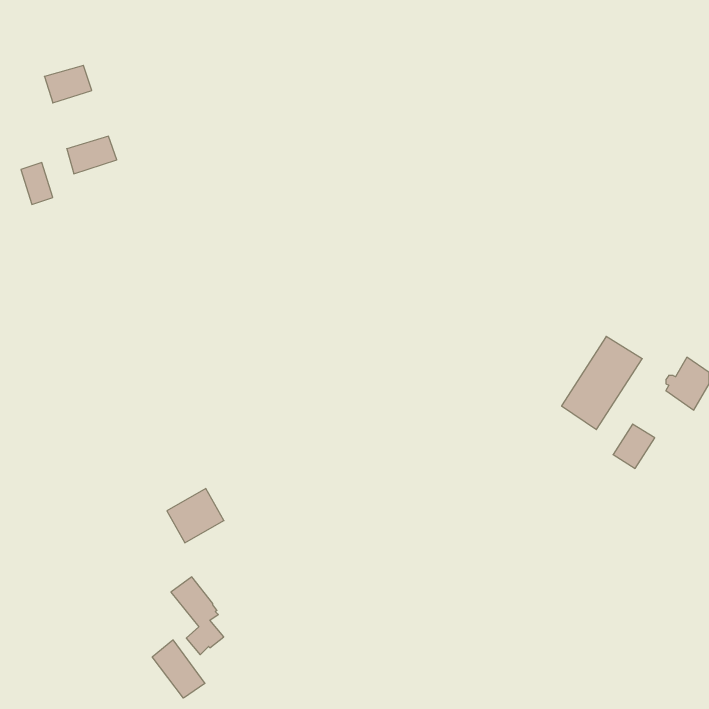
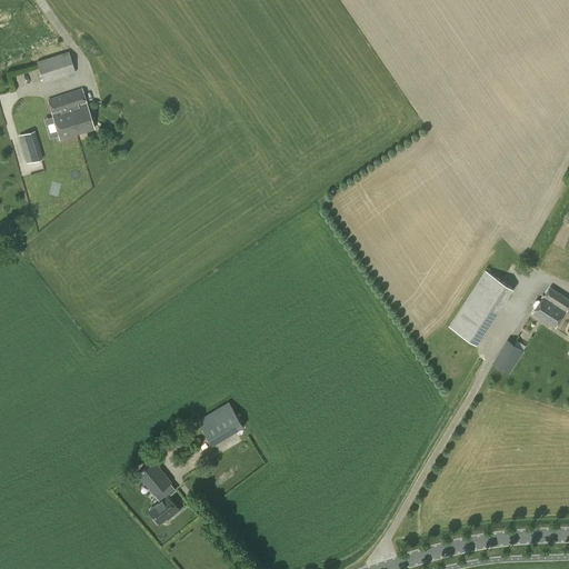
building: none -> [47,90,87,120]
building: [167,489,224,543] -> [198,402,243,446]
building: [152,640,205,698] -> none

